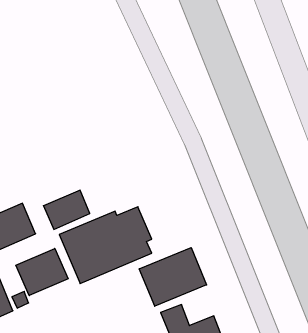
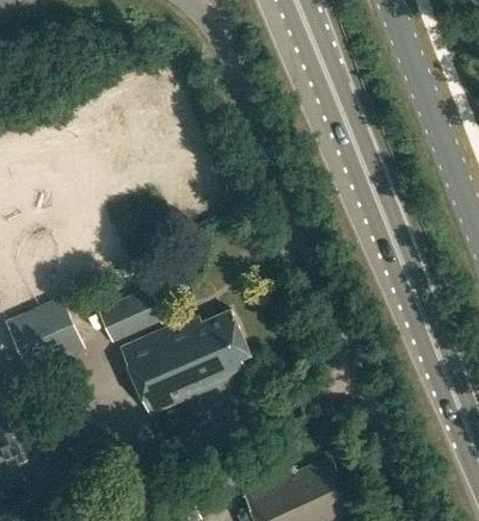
building: [139,248,207,306] -> none
building: [16,248,68,296] -> none

